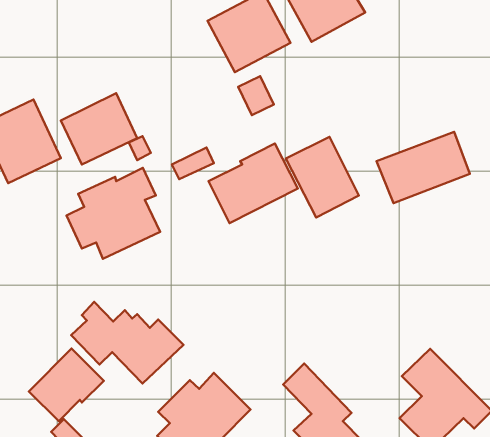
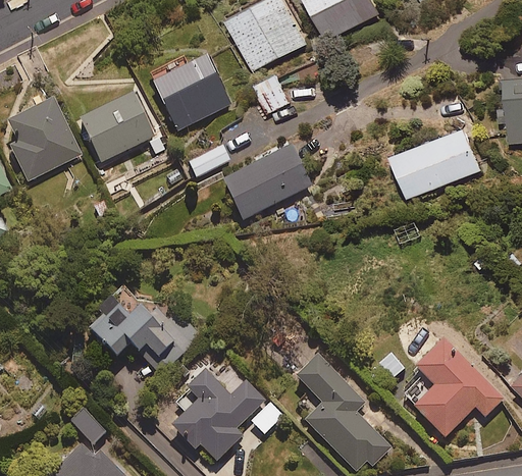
building: none -> [150,53,232,129]
building: [286,137,359,217] -> none
building: [66,168,160,259] -> none
building: [29,348,104,421] -> none

